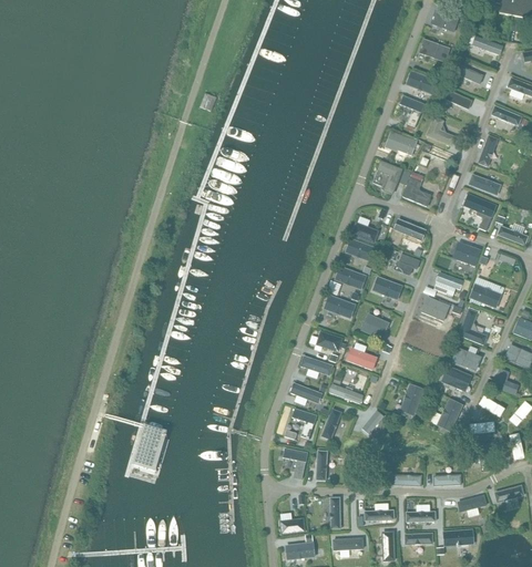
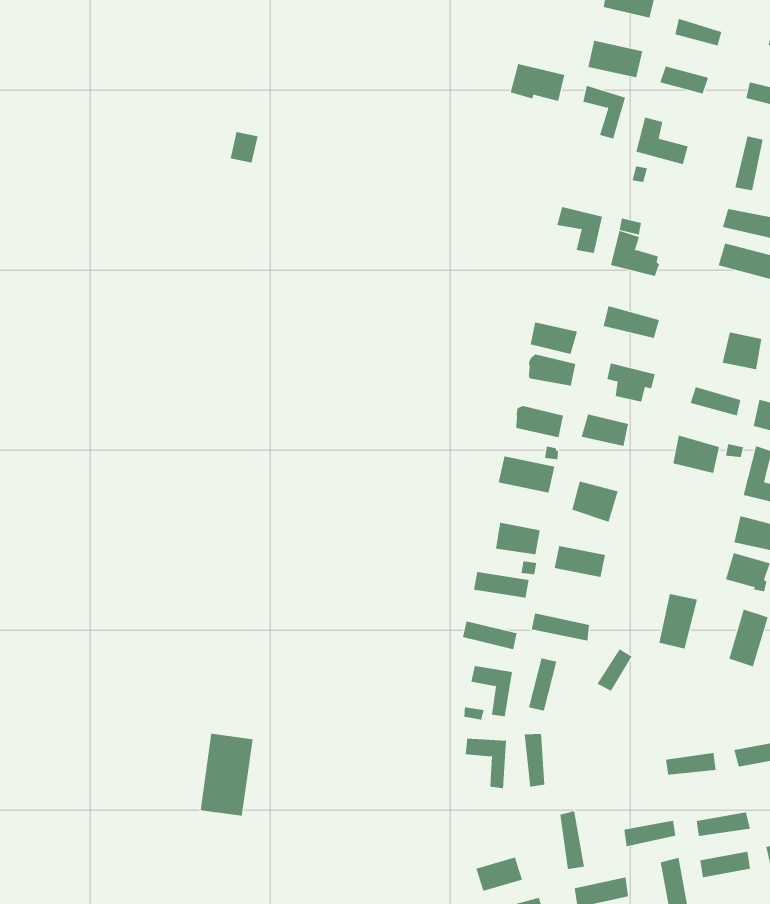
building: [385,131,417,155] -> [510,64,565,101]

